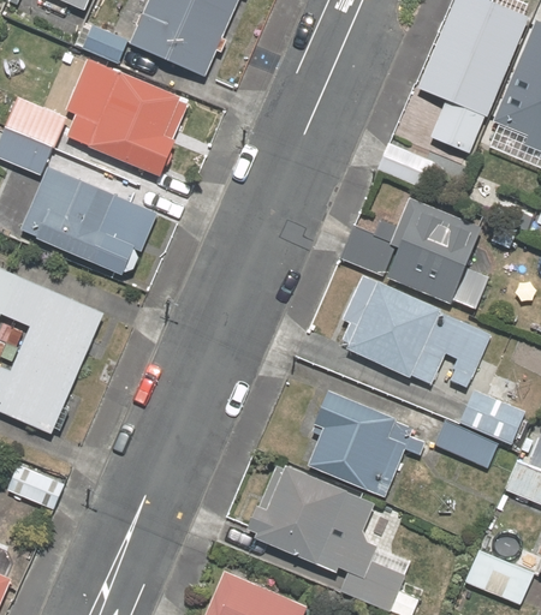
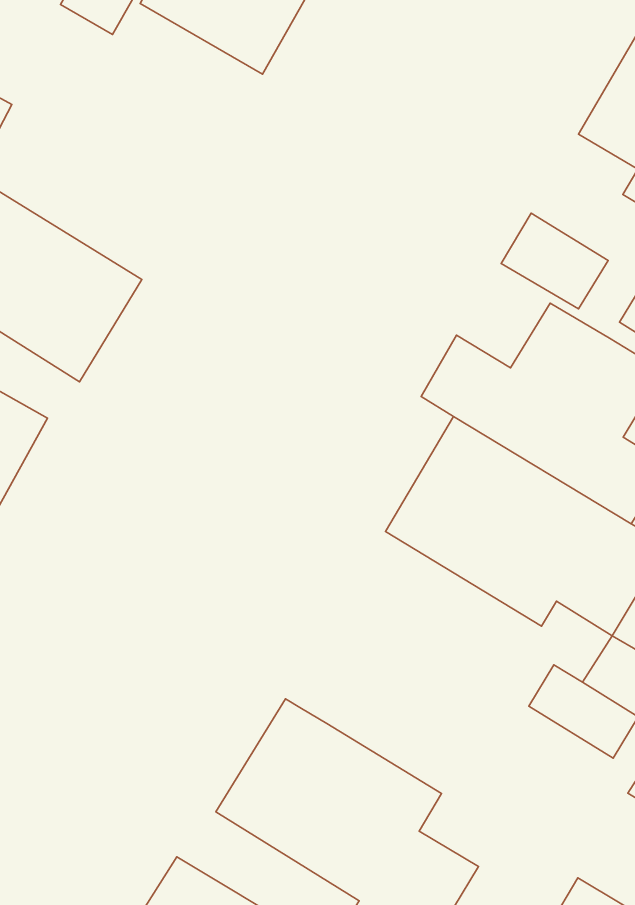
building: [65,65,189,183] -> none
building: [304,386,428,507] -> none

